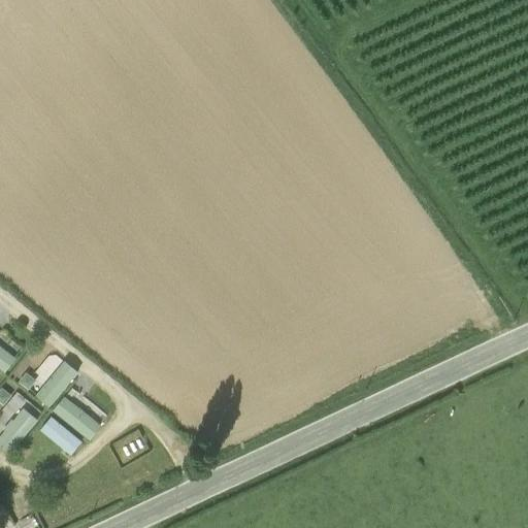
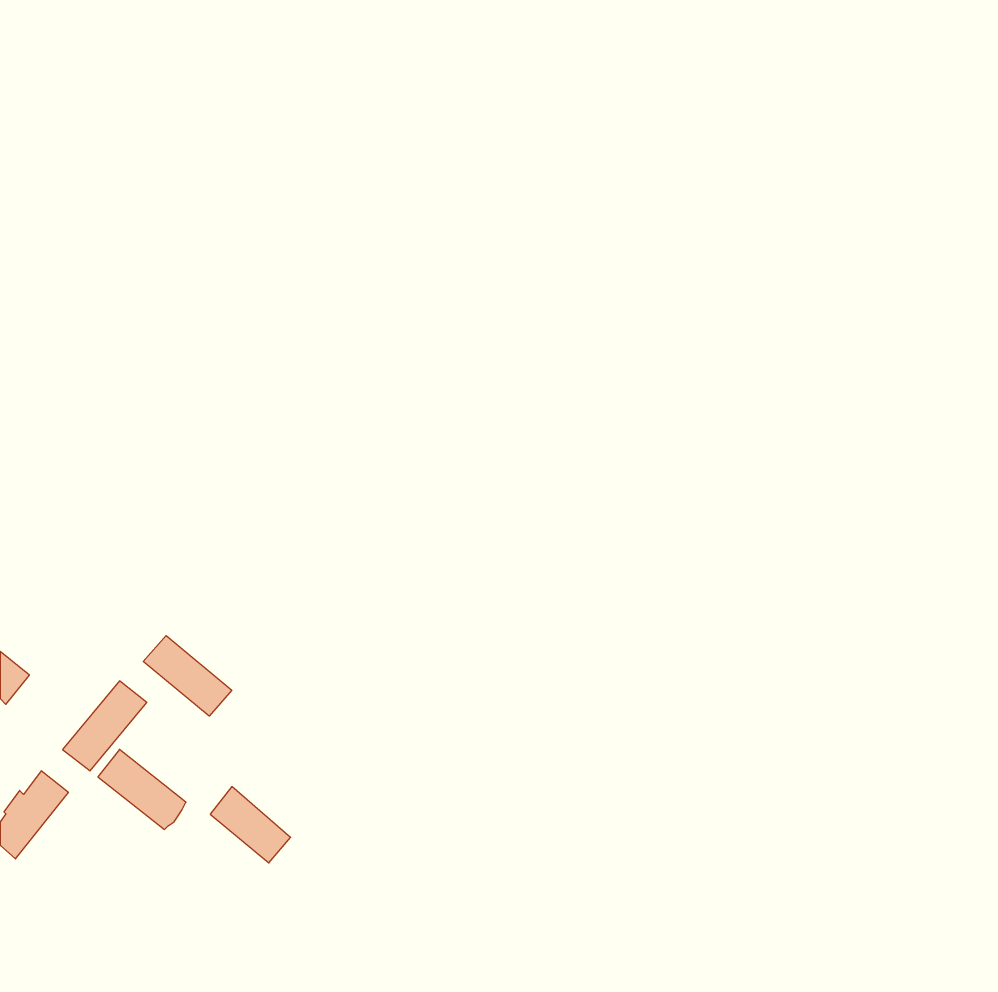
building: none -> [143,636,232,716]
building: [39,415,81,455] -> [210,787,291,863]

